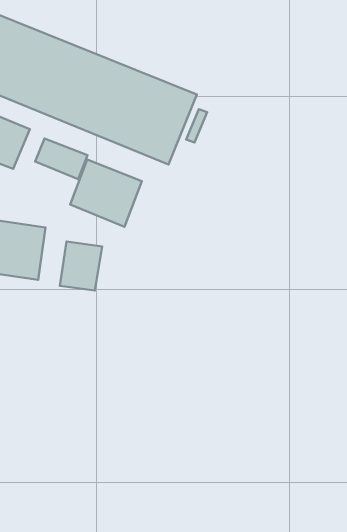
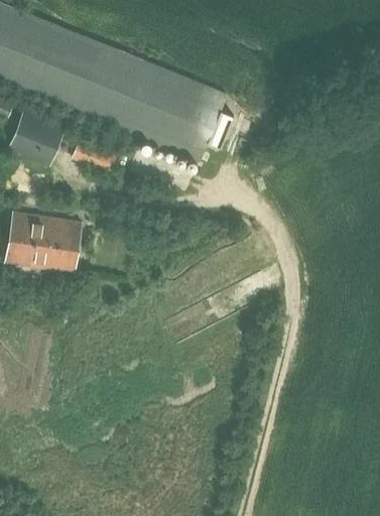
building: [70,160,142,227] -> none
building: [60,241,102,290] -> none

